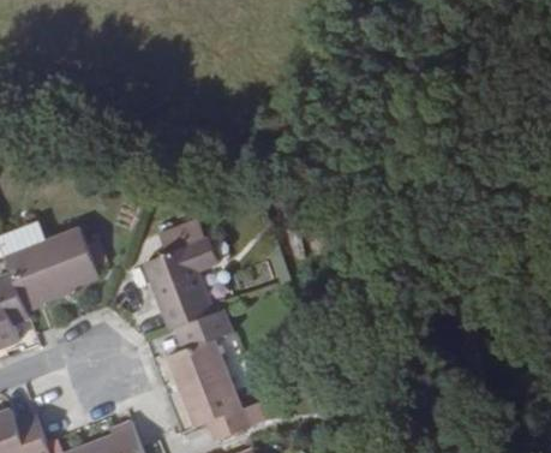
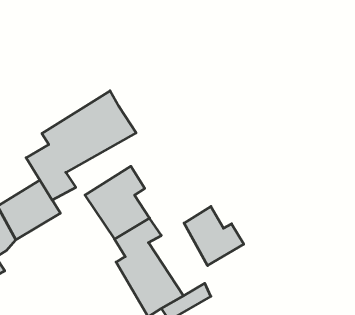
building: none -> [26,91,136,200]
building: none -> [184,206,244,266]

